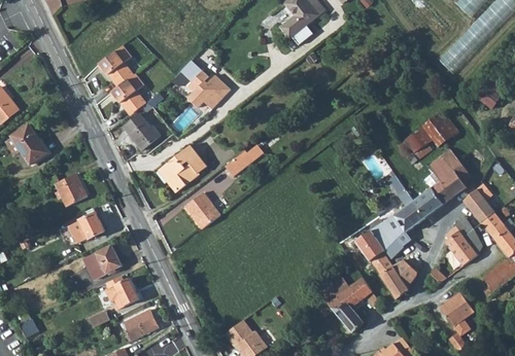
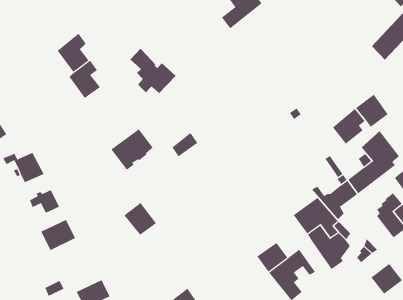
building: [124,99,161,150] -> none
building: [185,193,221,229] -> [123,202,157,235]
building: [106,276,139,309] -> none

